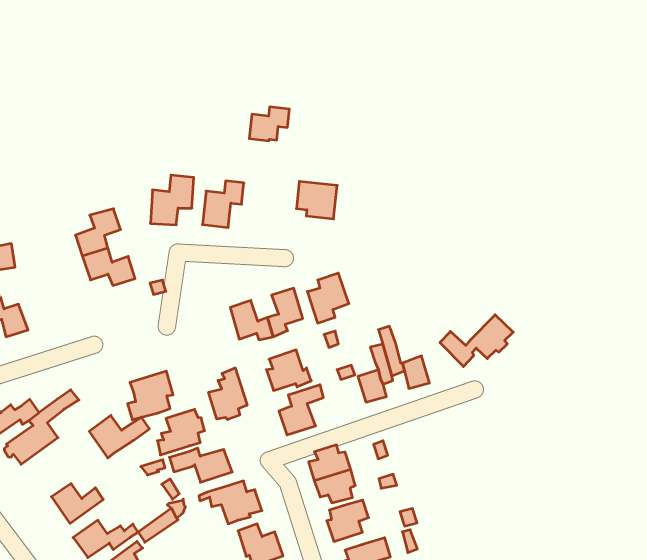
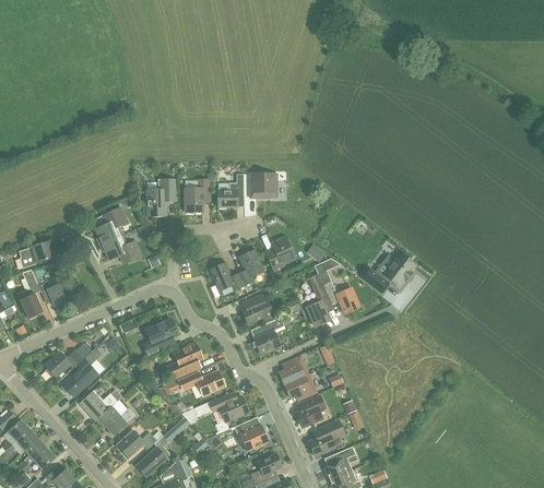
building: [249,107,289,141] -> [216,182,243,206]
building: [209,368,247,420] -> none
building: [89,415,149,458] -> [79,389,121,420]

